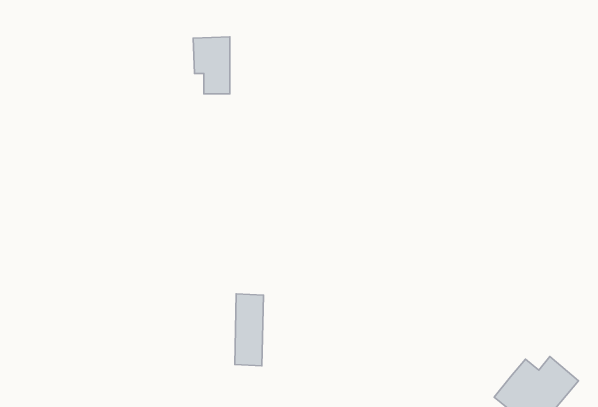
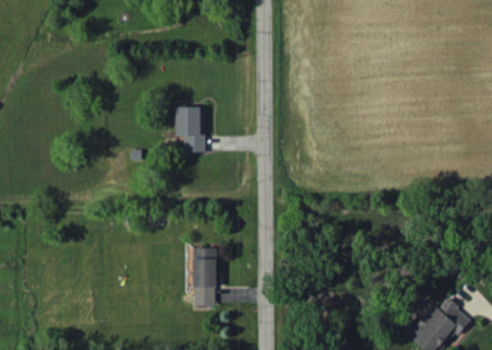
building: [193,37,230,94] -> [175,106,204,152]

